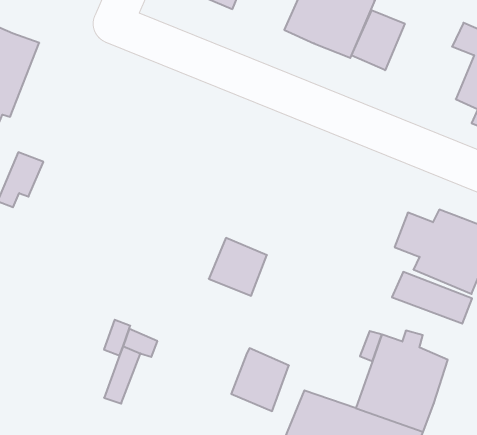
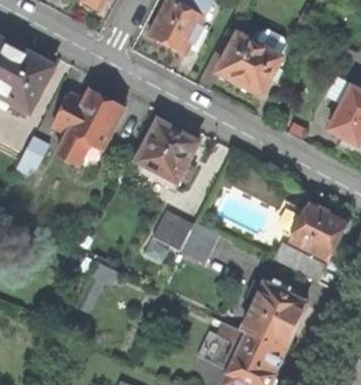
building: [351,10,405,70] -> none
building: none -> [53,89,123,166]
building: none -> [137,119,198,186]
building: [231,348,289,411] -> [179,217,219,261]

